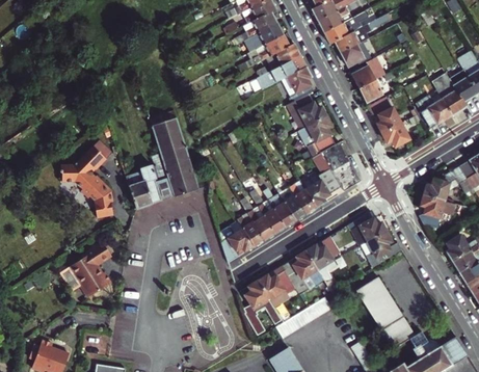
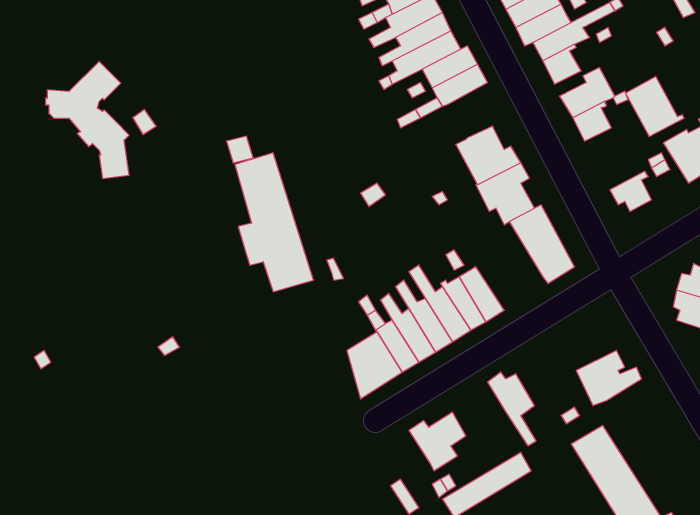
building: [282,65,314,101] -> none
building: [368,95,404,132] -> [626,76,684,137]
building: [60,144,112,217] -> [45,61,129,179]
building: [301,152,341,207] -> none
building: [126,164,174,208] -> none
building: [352,211,387,246] -> none
building: [58,242,110,296] -> none
building: [283,251,318,295] -> none
building: [245,282,271,312] -> none

